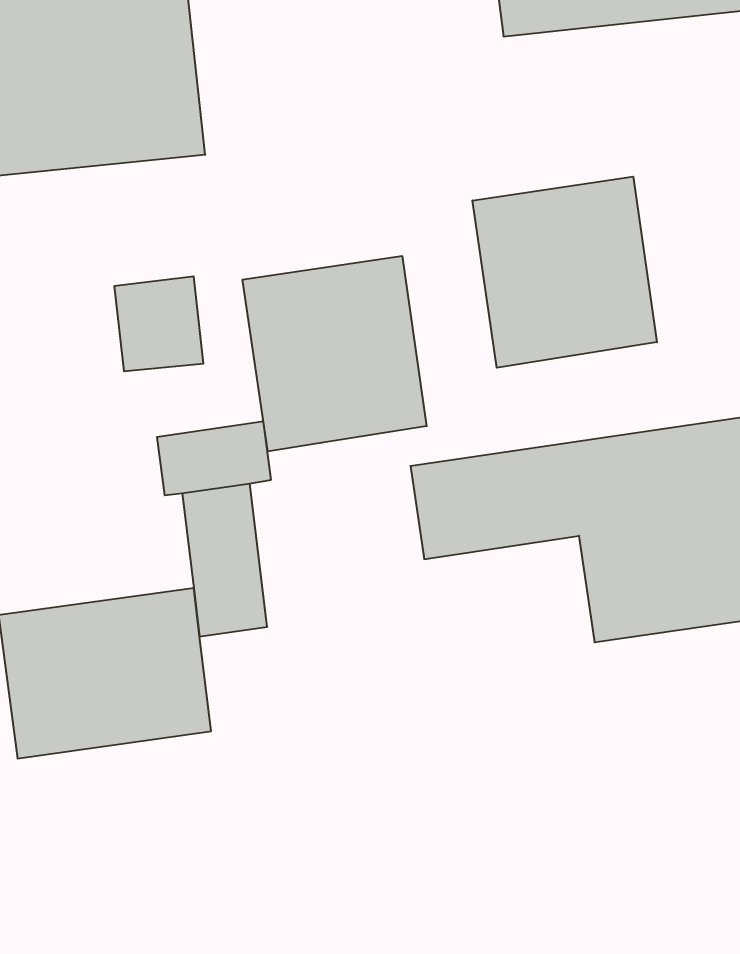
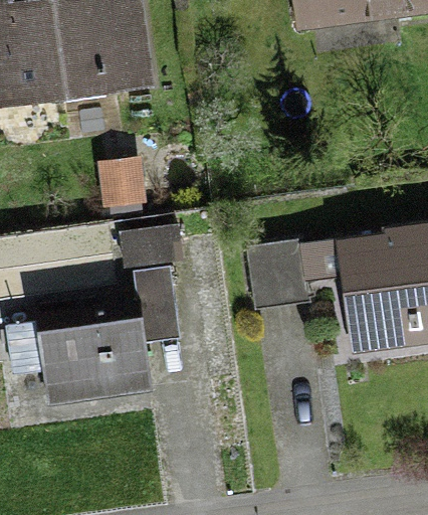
building: [472,177,657,368] -> none
building: [243,256,427,452] -> none

